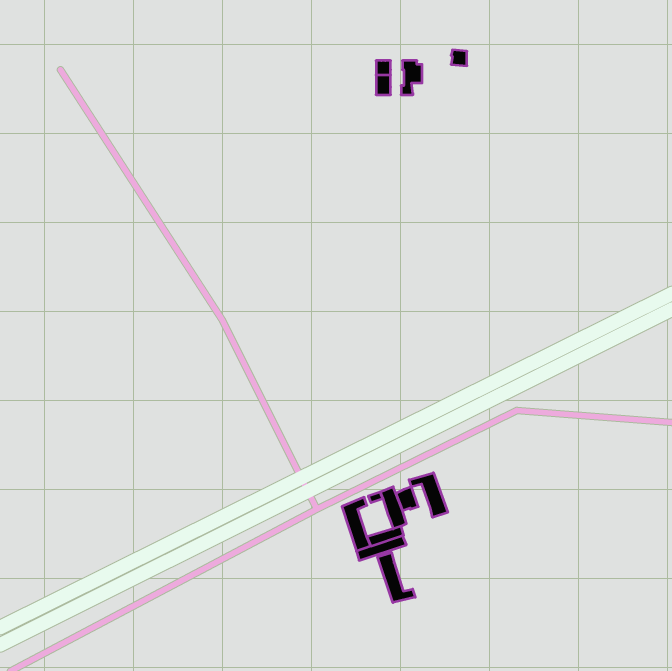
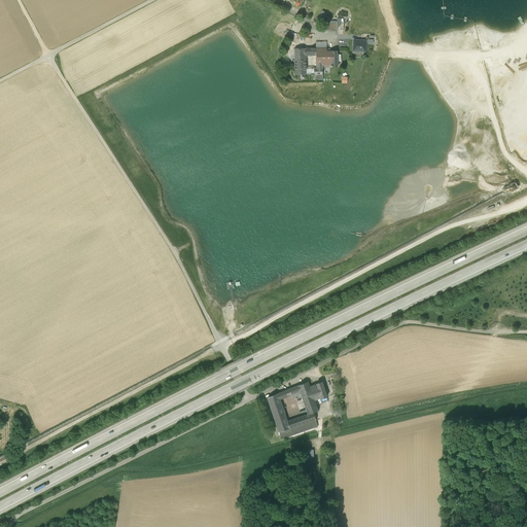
building: [409,473,448,517] -> none
building: [378,553,415,603] -> none

